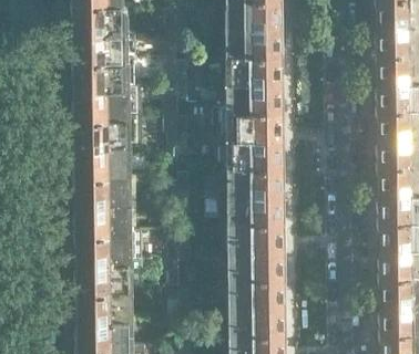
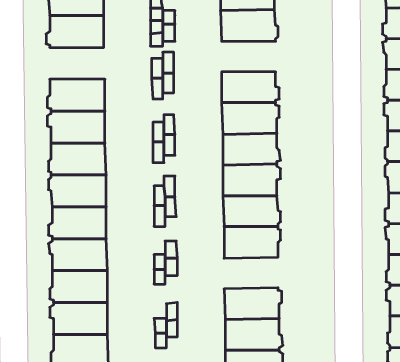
building: [235,49,286,76] -> none
building: [76,54,130,83] -> none
building: [237,243,289,272] -> none

